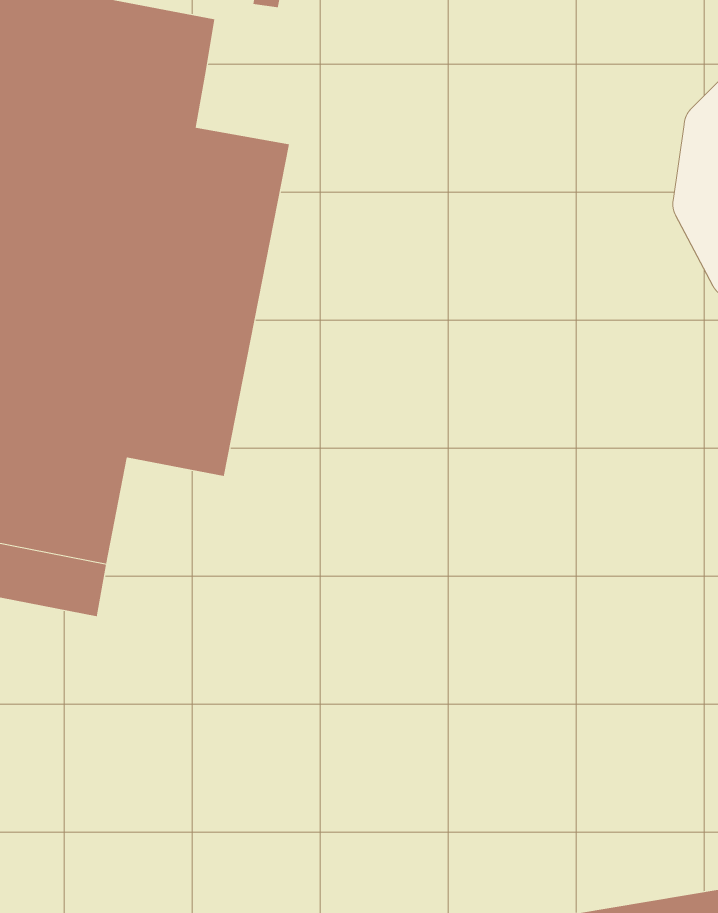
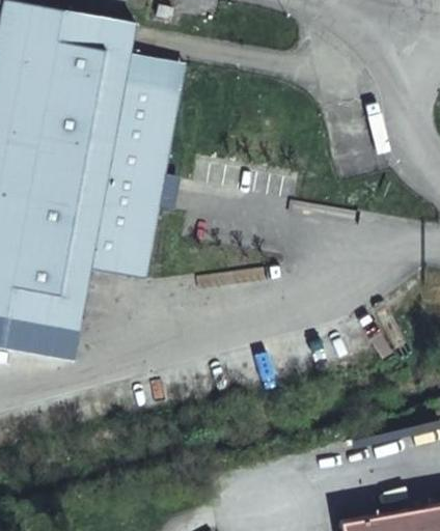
building: none -> [125,56,182,94]

